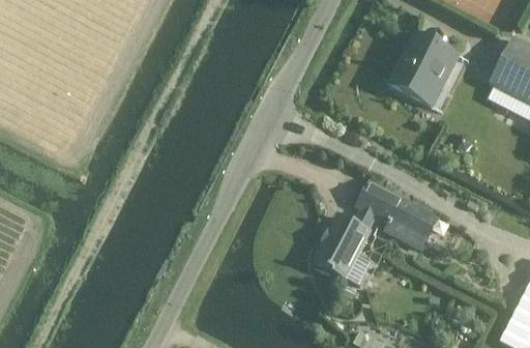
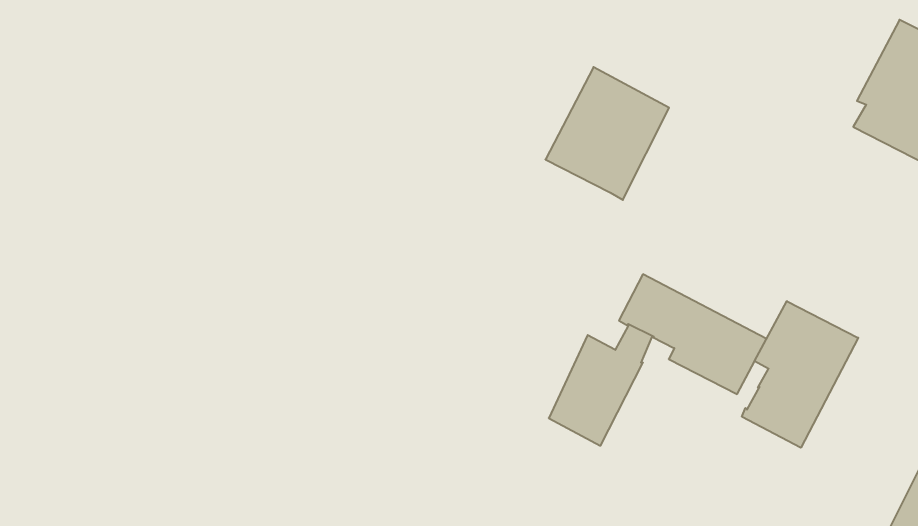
building: [389,32,459,107] -> [545,67,669,200]
building: none -> [742,301,858,448]

